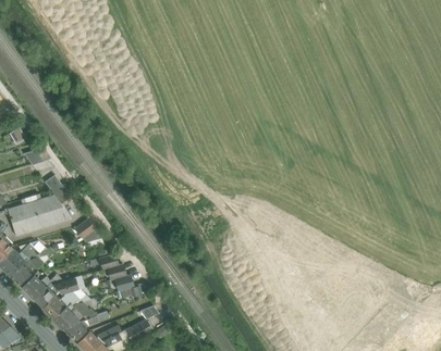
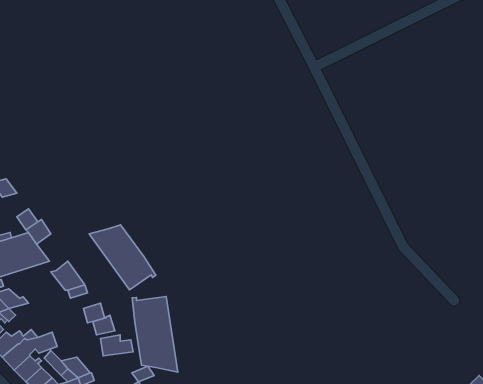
building: none -> [89,225,156,290]
building: none -> [132,297,178,372]

